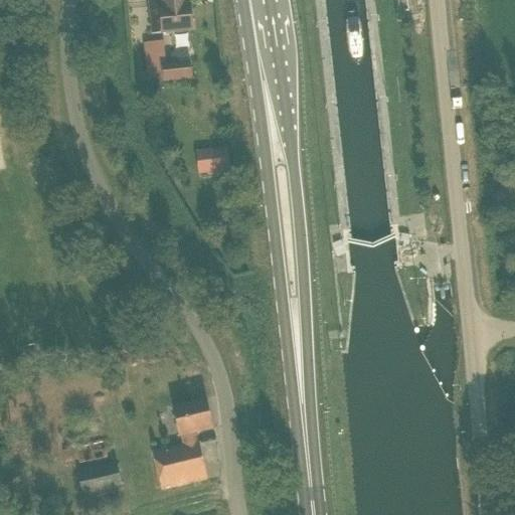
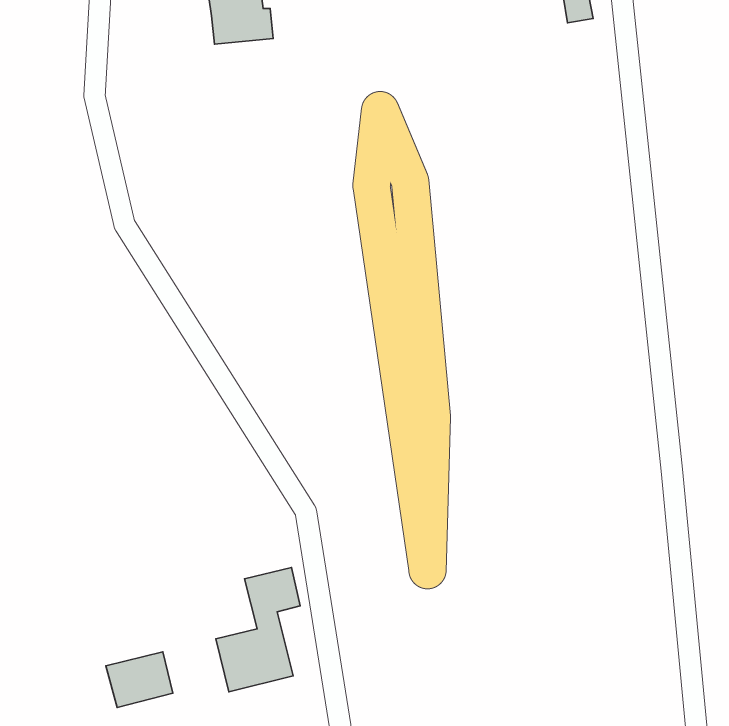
building: [148,38,192,83] -> none
building: [198,148,228,172] -> none

